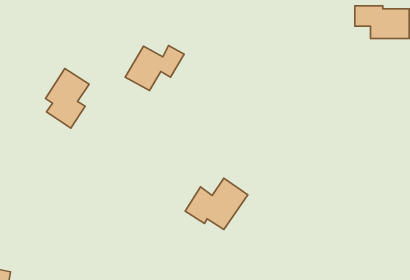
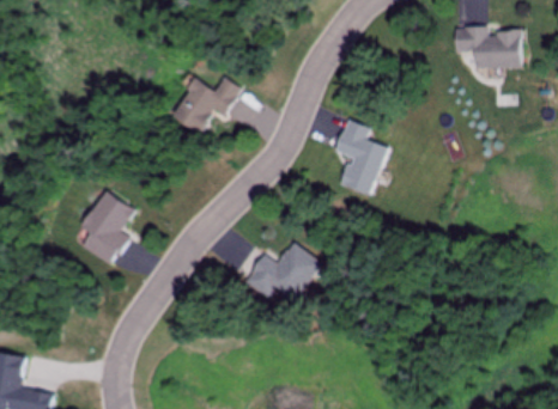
building: [46,69,89,128] -> [80,190,134,264]
building: none -> [334,118,388,196]

